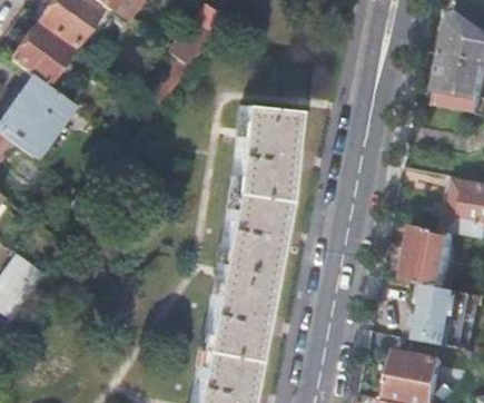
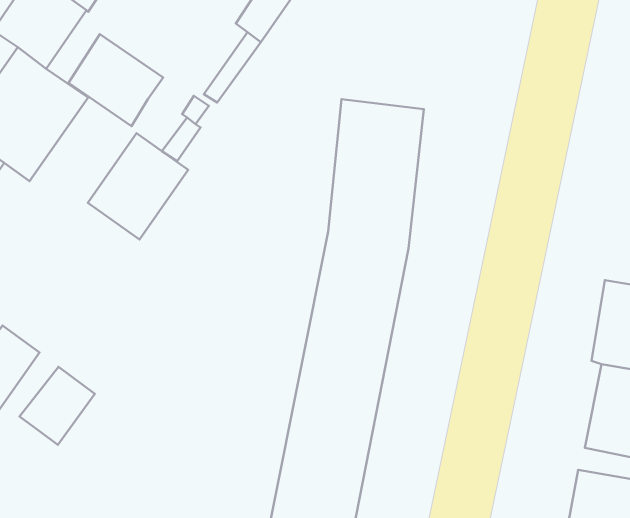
building: none -> [68,34,163,126]
building: none -> [88,133,188,239]
building: none -> [19,367,95,445]

